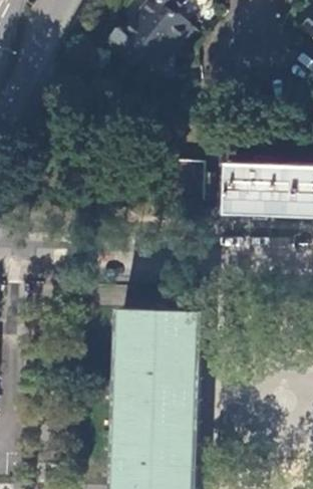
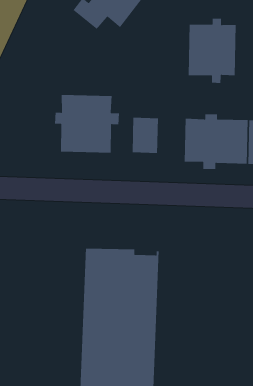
building: none -> [188,18,237,84]
building: none -> [54,94,120,153]

